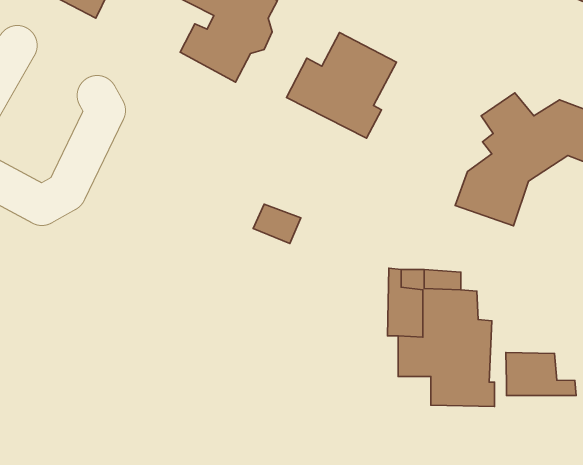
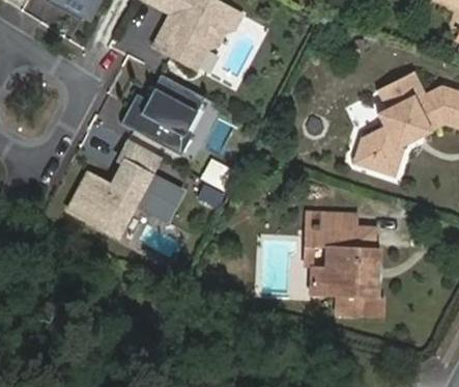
building: [287,32,396,138] -> [116,74,200,155]
building: none -> [66,139,179,234]
building: [506,352,576,396] -> none

